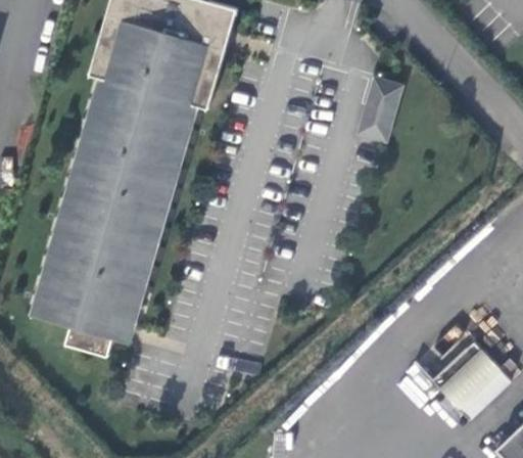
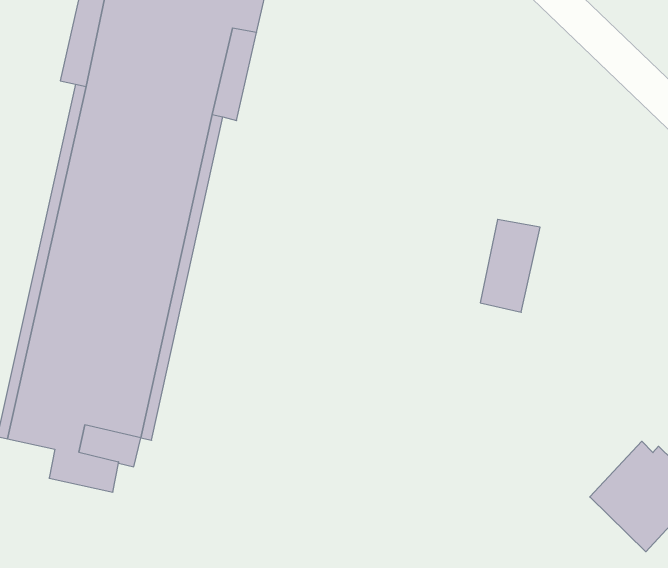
building: [359,78,402,142] -> [480,219,540,312]

